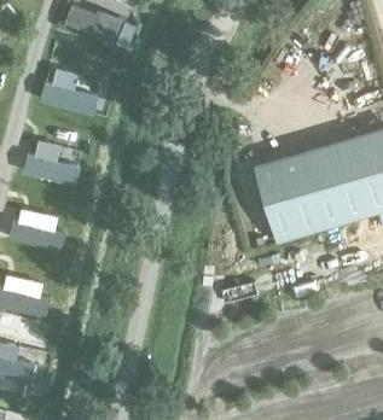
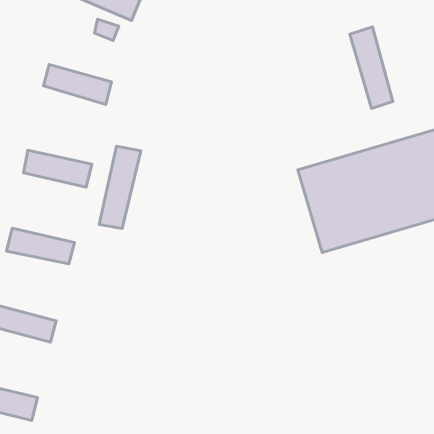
building: none -> [350,27,393,109]
building: none -> [99,146,141,229]

